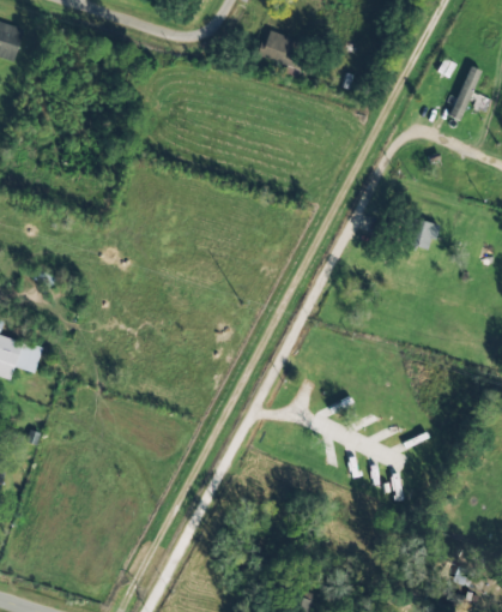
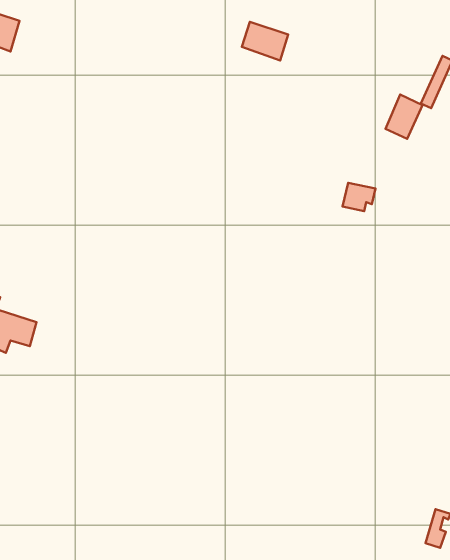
building: none -> [386,95,422,139]
building: [404,218,439,248] -> [343,183,375,211]

